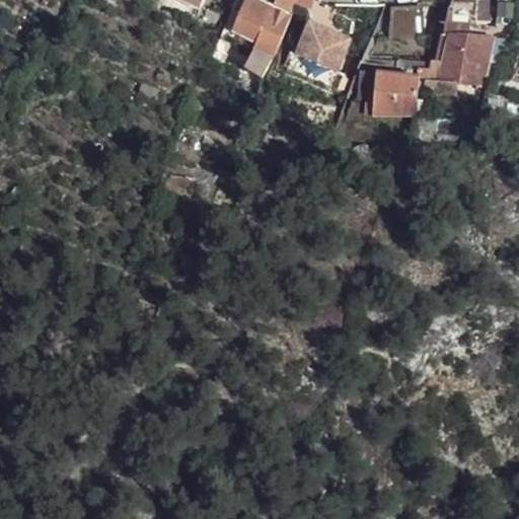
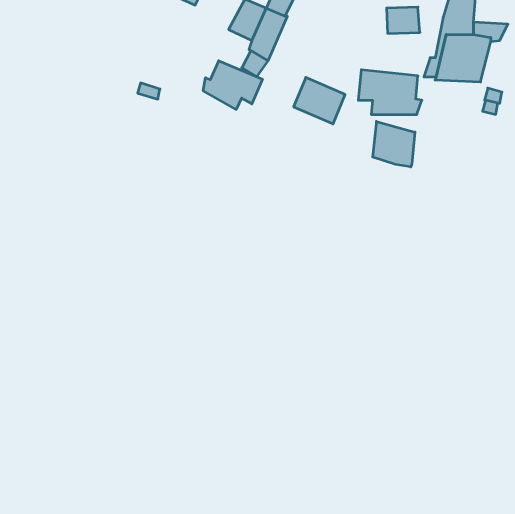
building: [298,20,350,67] -> [294,77,345,124]
building: none -> [203,61,262,109]
building: none -> [373,121,415,167]

